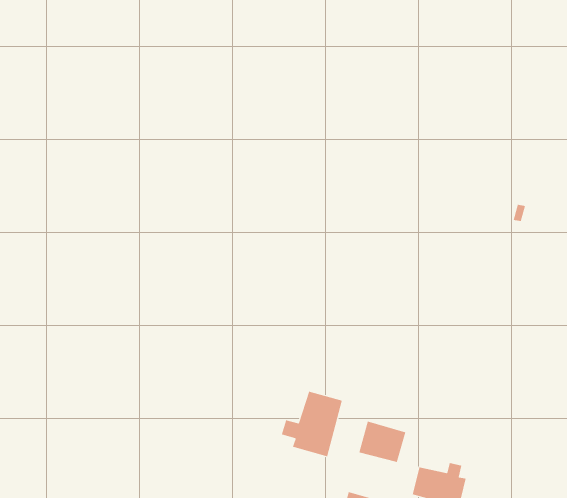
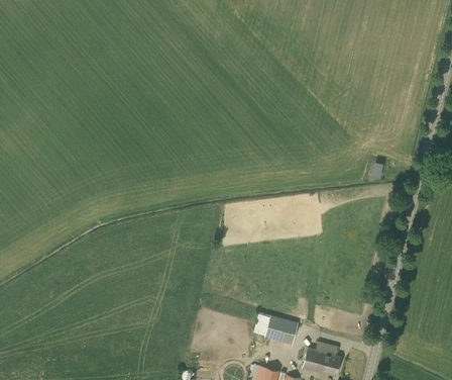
building: [281,391,343,457] -> none

